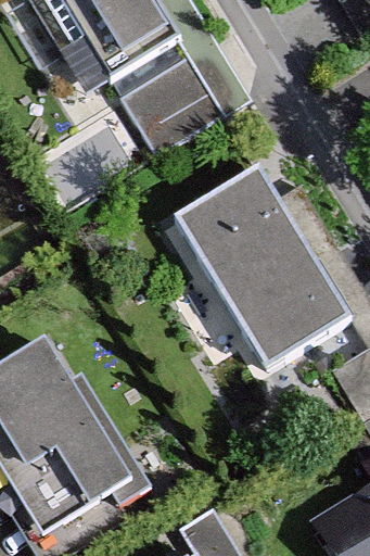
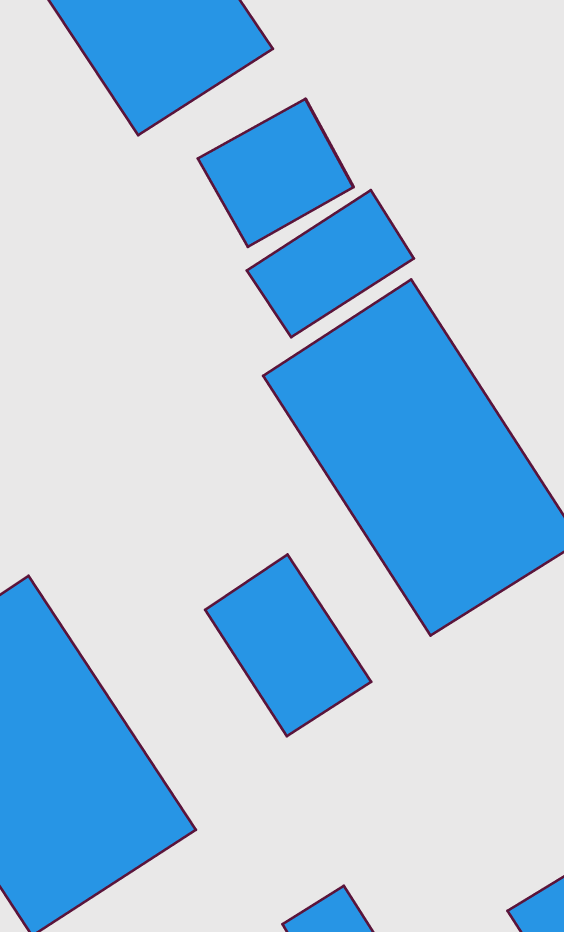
building: none -> [247,190,414,337]
building: none -> [205,555,371,736]

